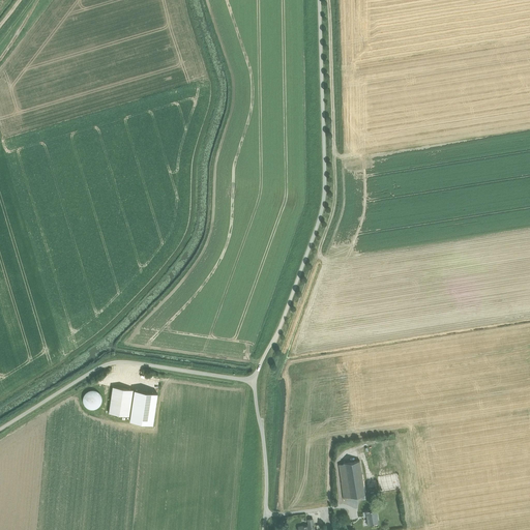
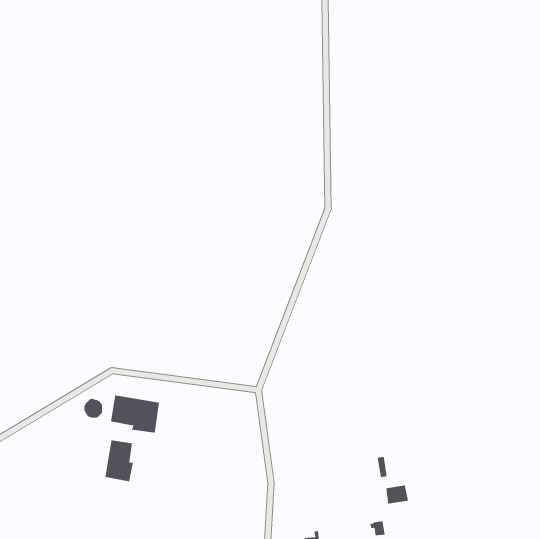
building: none -> [105,439,133,482]
building: [337,463,364,501] -> none

